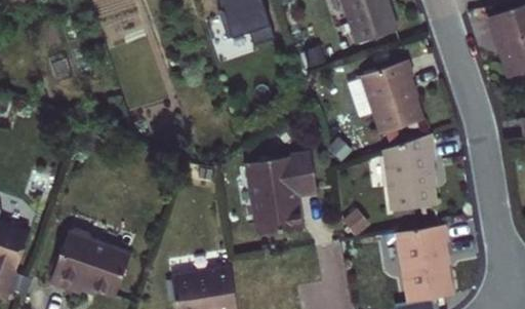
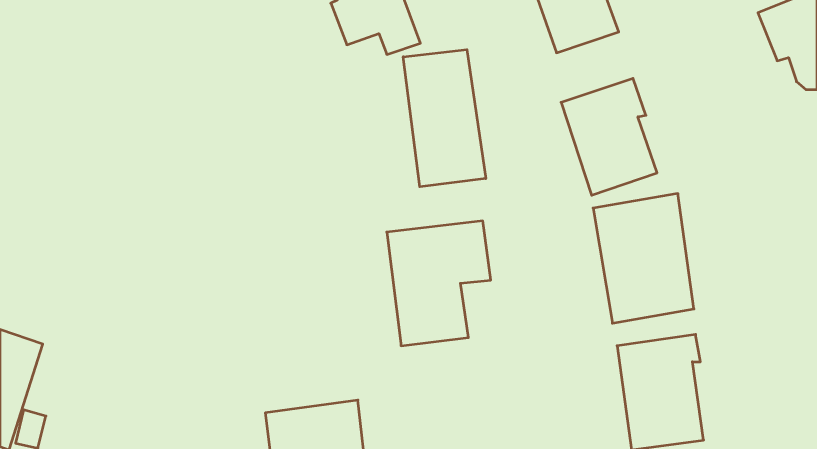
building: none -> [403,50,486,187]
building: [48,226,125,292] -> none

